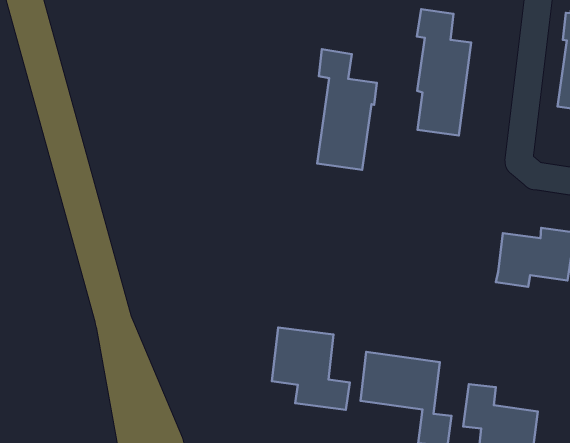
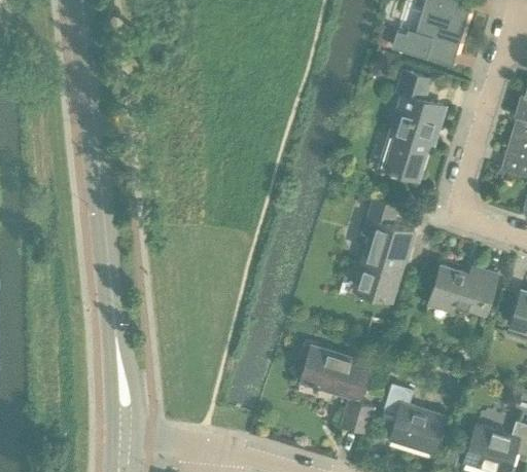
building: [317,49,377,170] -> [354,198,414,302]
building: [272,327,350,410] -> none

